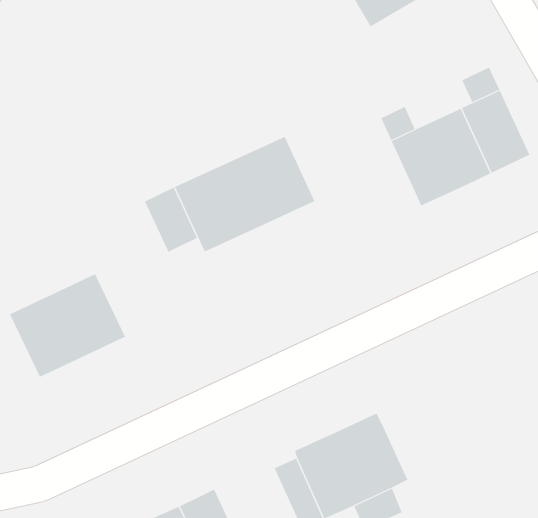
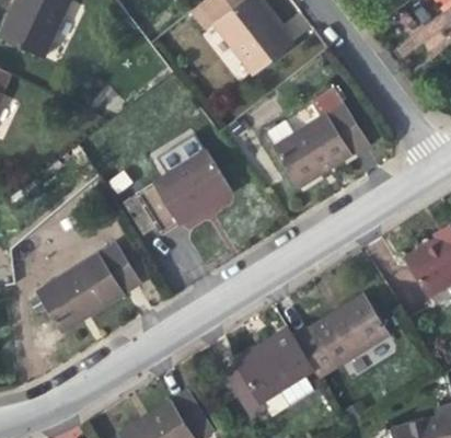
building: none -> [91,242,139,297]
building: none -> [294,293,388,377]

